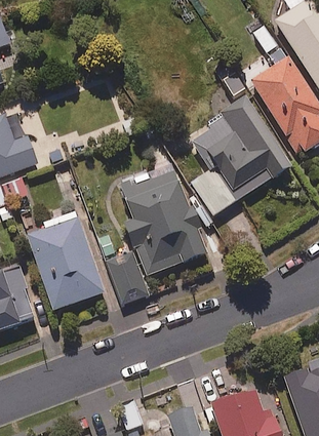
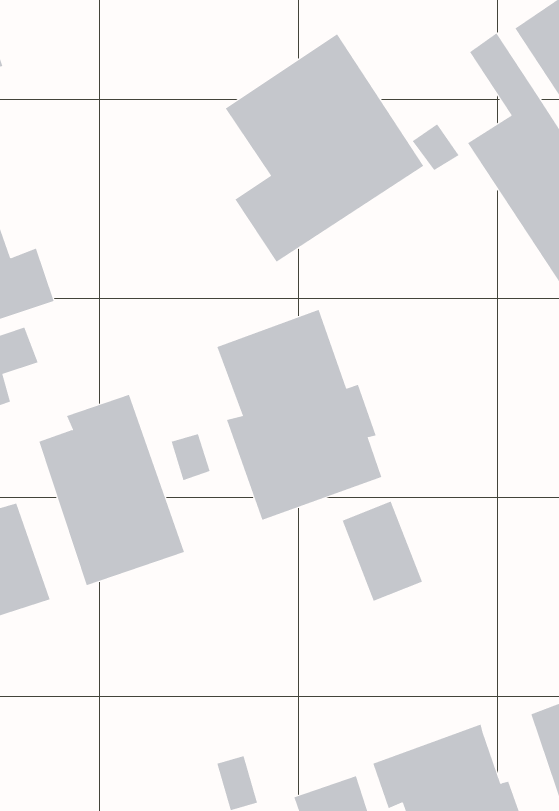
building: [187,96,290,215] -> [225,33,424,263]
building: [106,251,148,304] -> [342,501,423,602]

